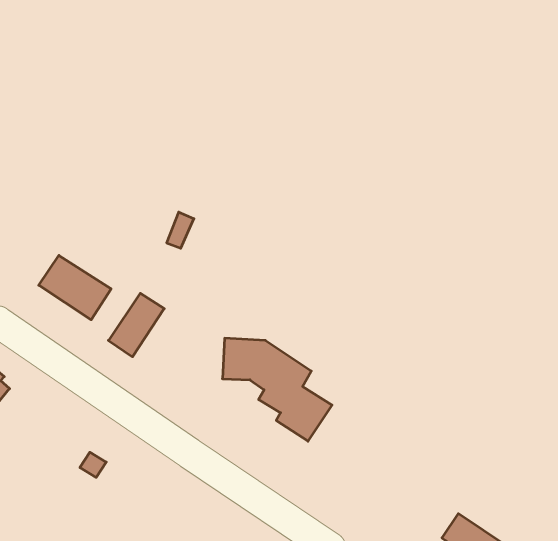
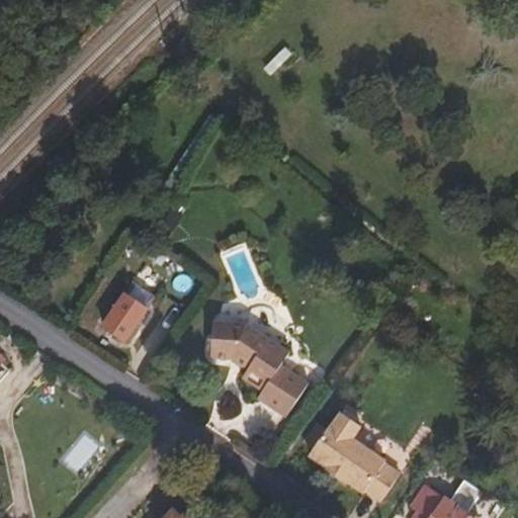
building: [39,255,111,320] -> none
building: none -> [312,415,403,503]

